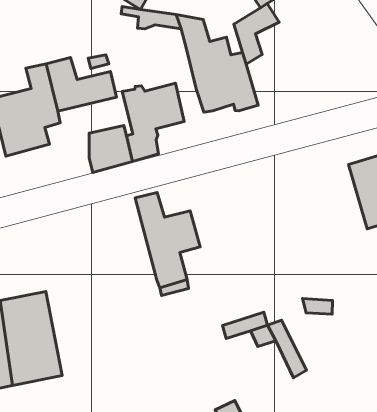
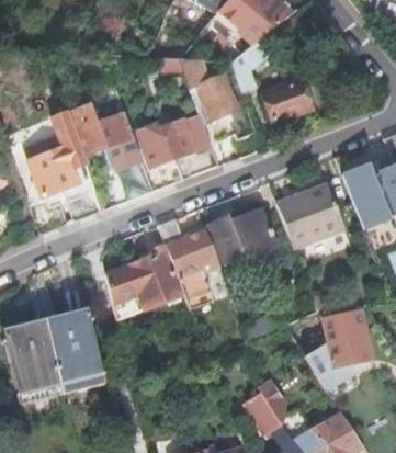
building: none -> [263,77,309,120]
building: none -> [279,182,347,246]
building: none -> [208,207,280,273]
building: none -> [108,242,184,317]
building: none -> [320,310,372,370]

